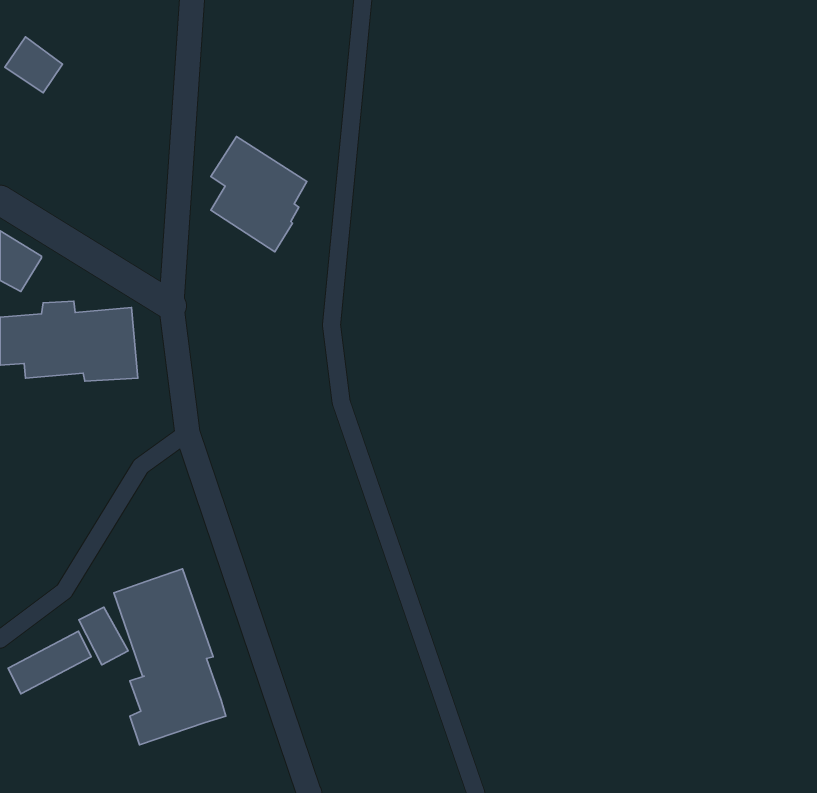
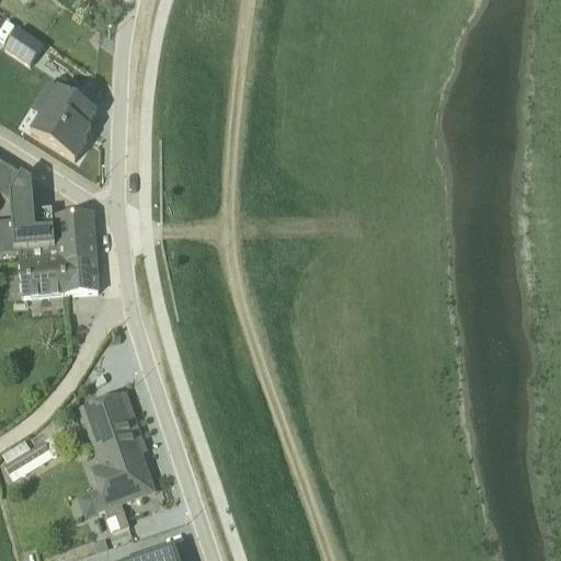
building: [211,137,307,252] -> [31,79,96,158]
building: none -> [19,255,98,296]
building: [79,607,128,665] -> none

